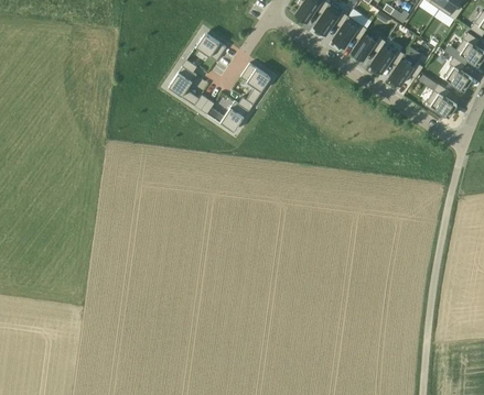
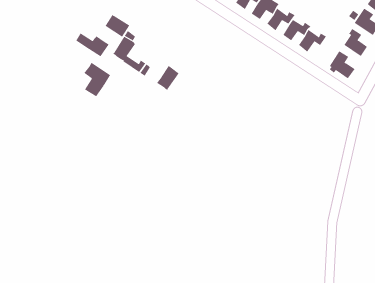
building: [195,32,226,61] -> [104,14,130,38]
building: none -> [76,33,109,57]
building: [238,63,270,110] -> none
building: none -> [84,62,111,97]

